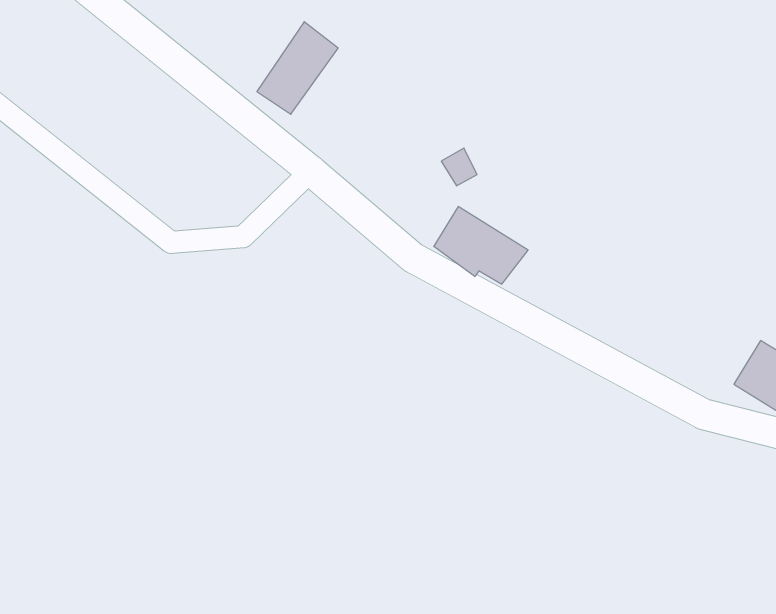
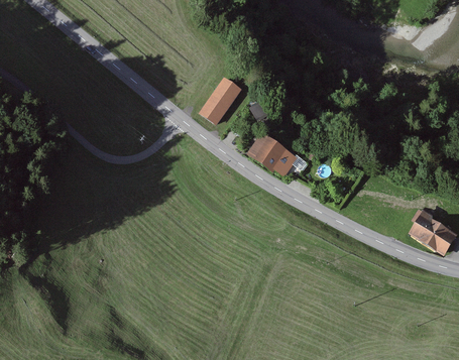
building: [257,22,338,114] -> [198,77,241,126]

